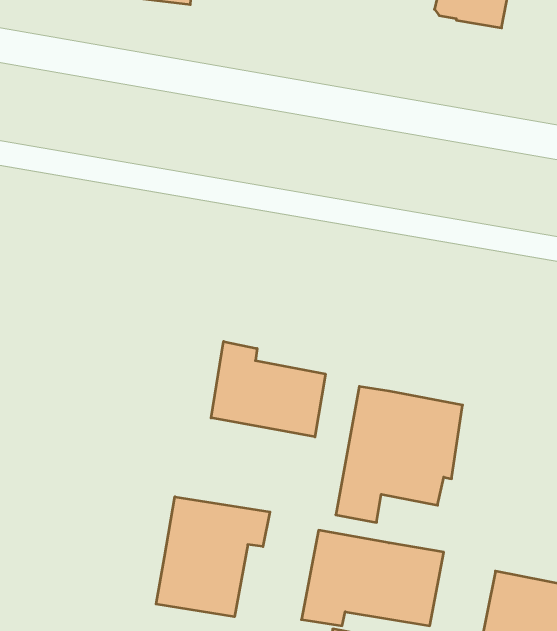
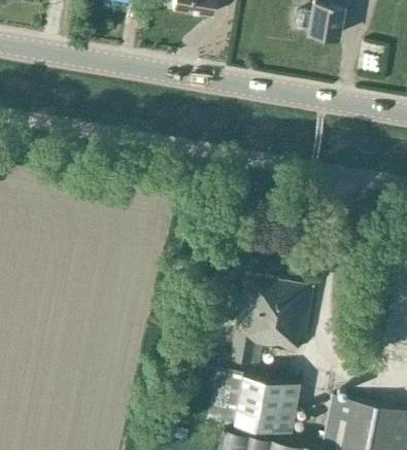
building: [211,341,325,437] -> none
building: [156,497,270,617] -> none

